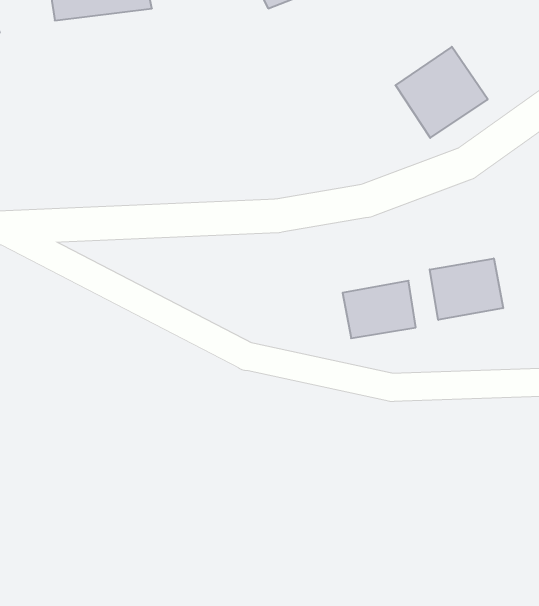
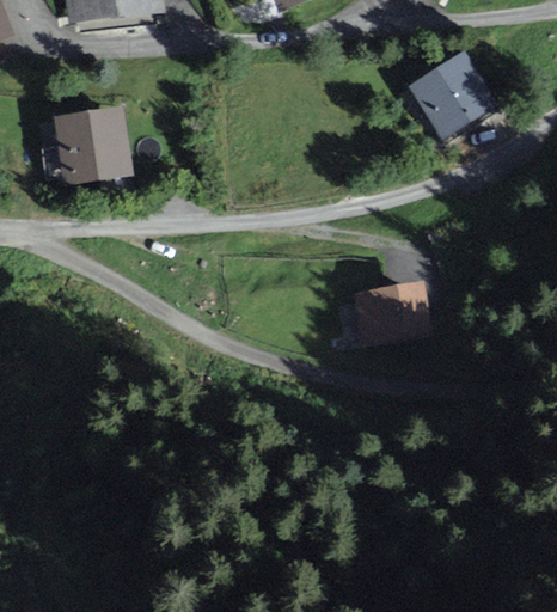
building: none -> [50,104,130,184]
building: [430,258,503,320] -> none

